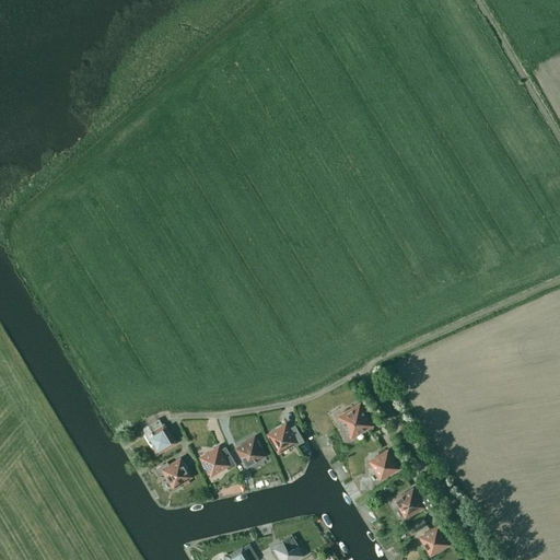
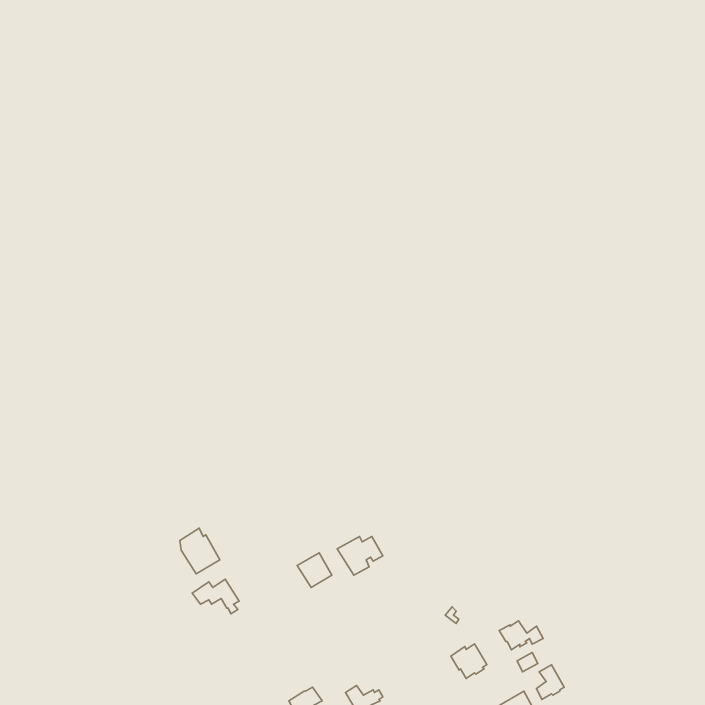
building: [338,405,371,438] -> none
building: [200,447,235,475] -> none
building: [368,452,396,479] -> [451,644,487,678]

